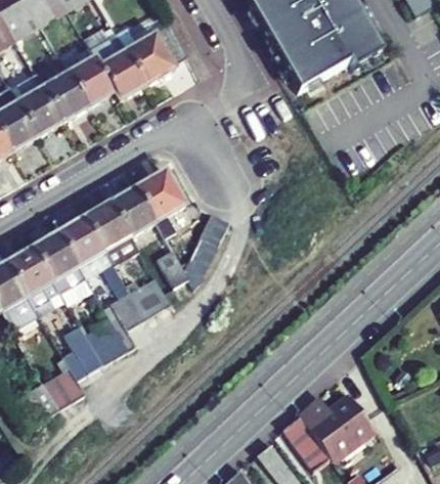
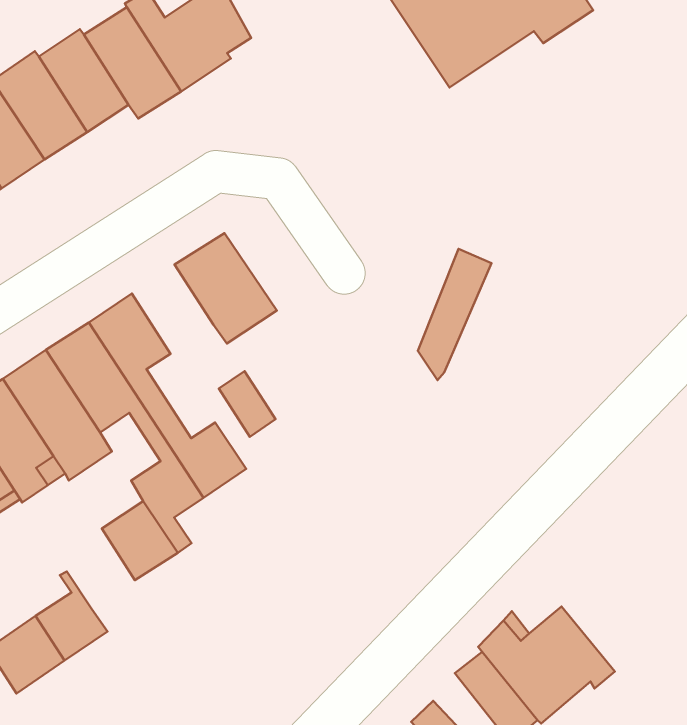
building: [108,185,155,236] -> none
building: [183,213,228,288] -> [418,249,491,380]
building: [62,326,101,381] -> none

